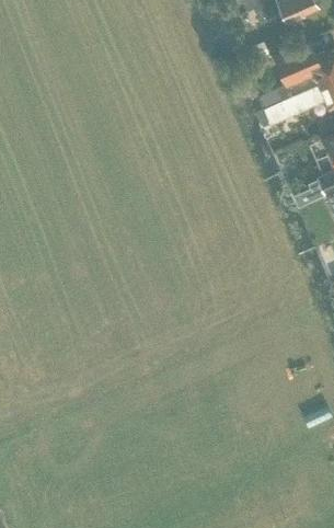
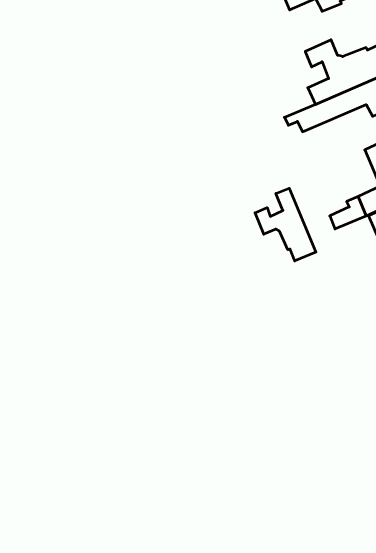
building: none -> [255,188,316,261]

